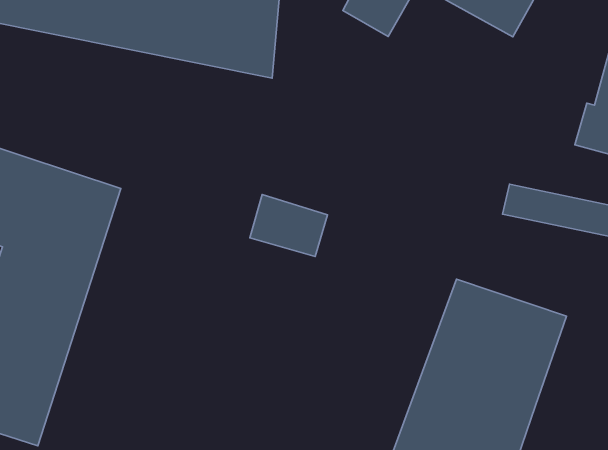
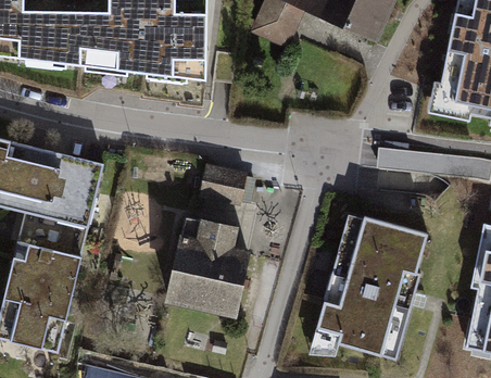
building: none -> [166,217,249,313]

